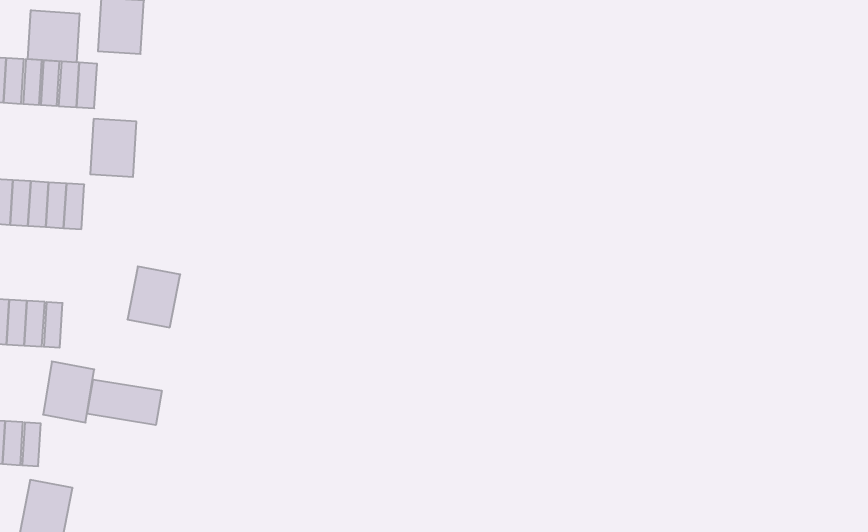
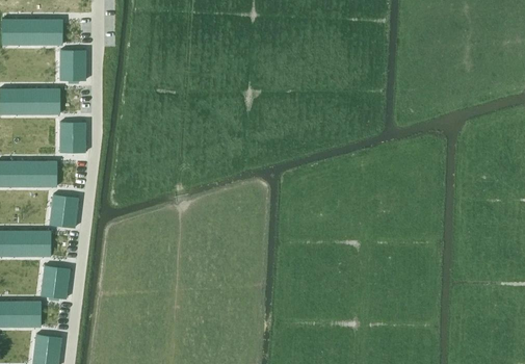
building: [28,10,79,62] -> none
building: [127,266,180,327] -> [48,192,77,227]
building: [87,379,162,425] -> none

